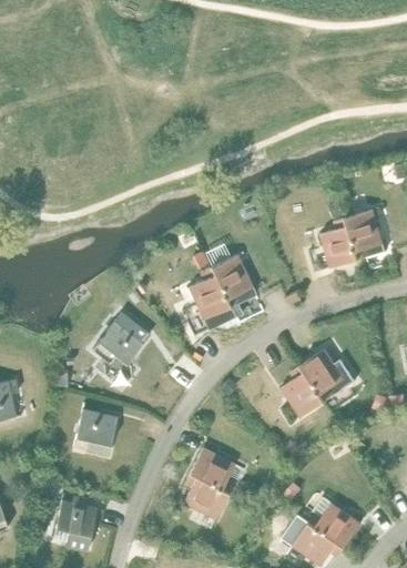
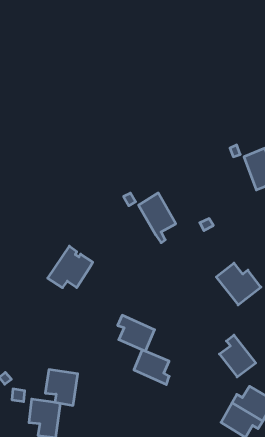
building: [320,217,358,267] -> none
building: [187,267,235,328] -> none
building: [281,364,325,416] -> [219,335,256,377]
building: [74,408,116,455] -> [45,370,78,405]
building: [183,471,228,518] -> [118,315,155,351]

